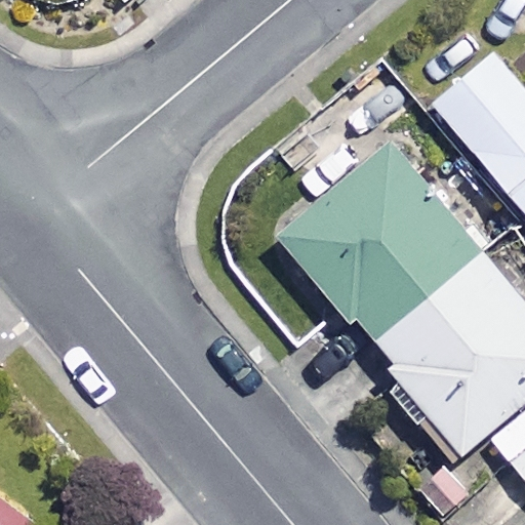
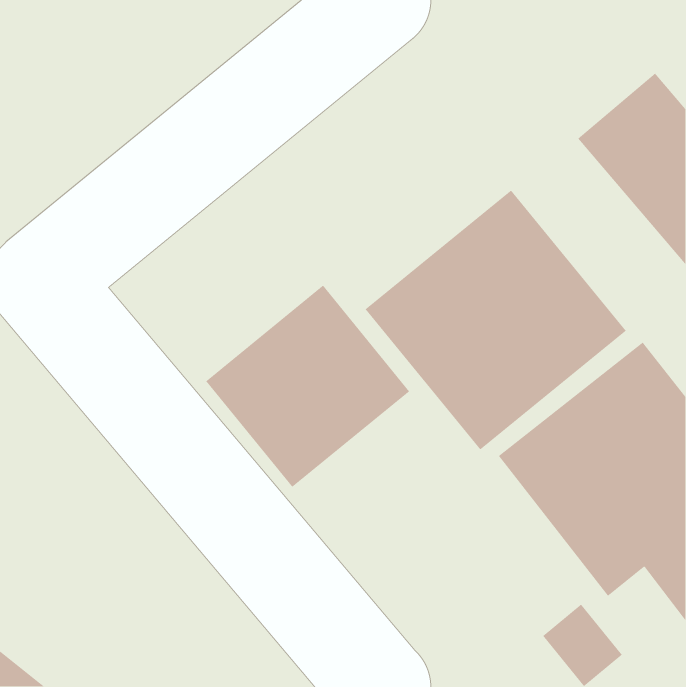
building: none -> [205,285,410,488]

